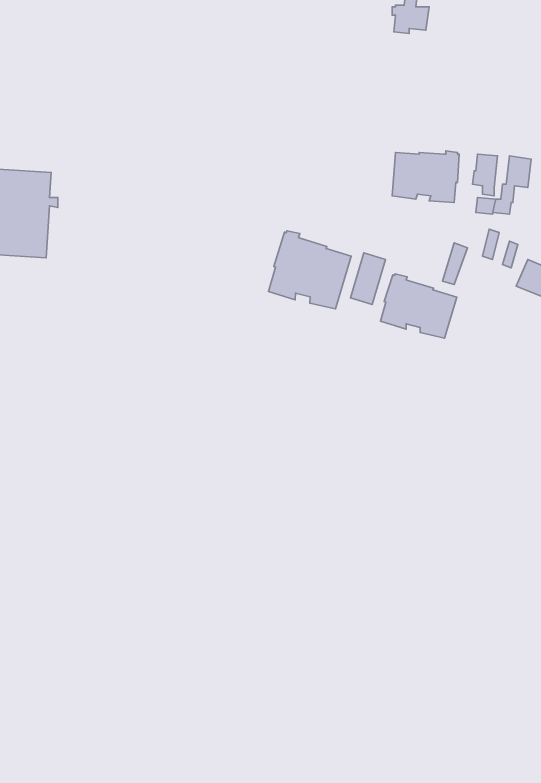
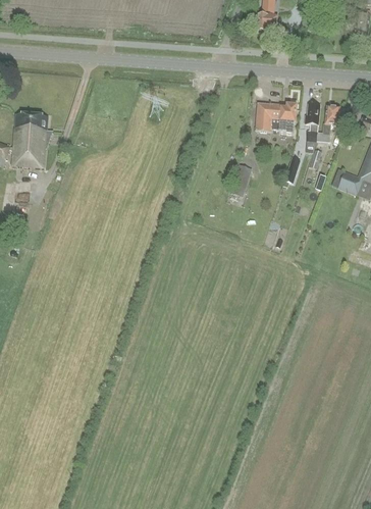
building: [268,231,351,309] -> none
building: [380,274,457,338] -> none

